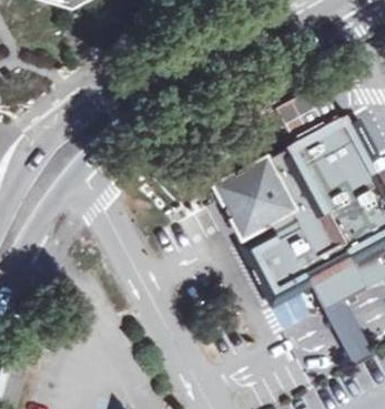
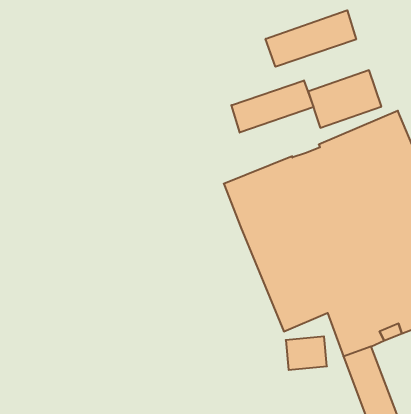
building: none -> [266,10,356,67]
building: none -> [231,80,313,133]

